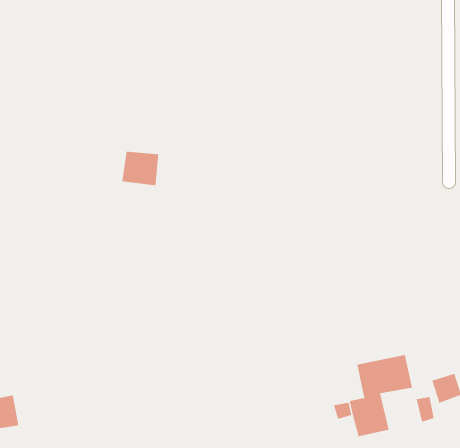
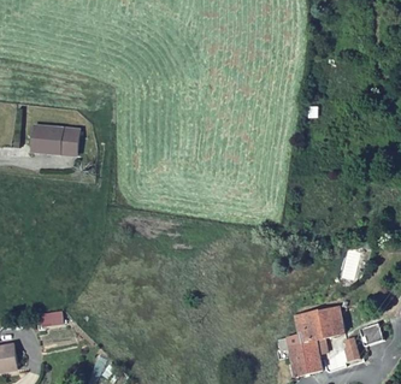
building: [122,151,159,186] -> [34,129,65,158]

